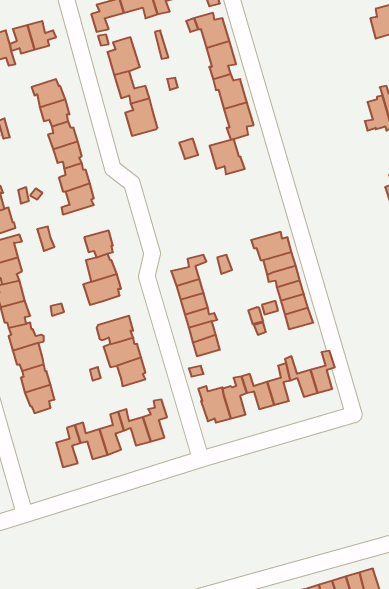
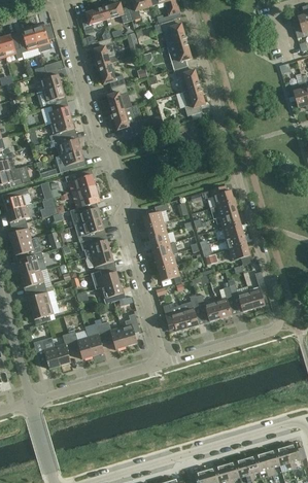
building: [209,139,245,174] -> [111,107,138,134]
building: none -> [64,169,94,192]
building: none -> [79,234,109,256]
building: none -> [33,338,59,368]

